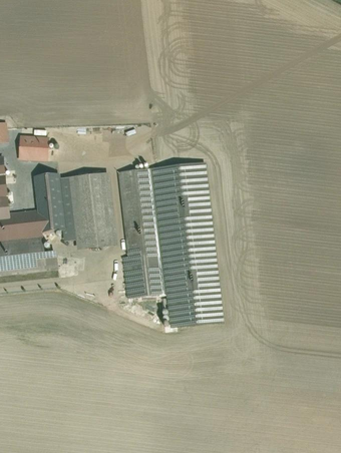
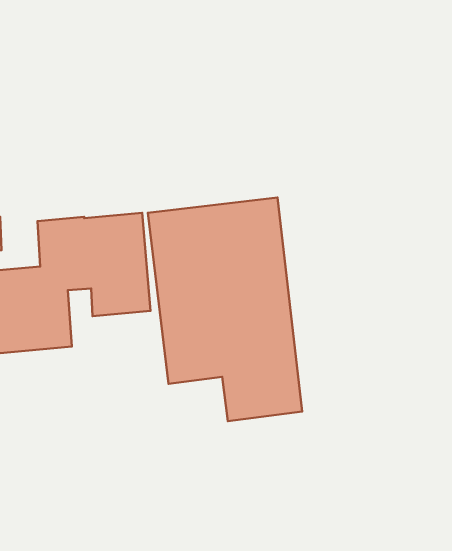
building: [14,134,46,157] -> none

